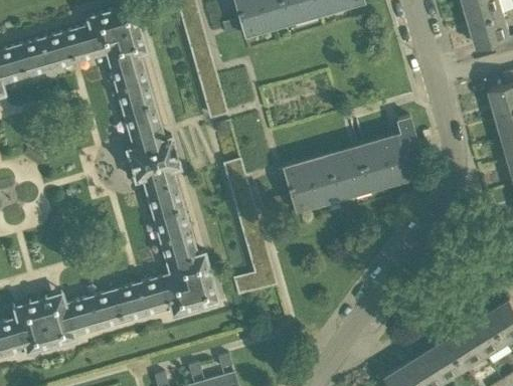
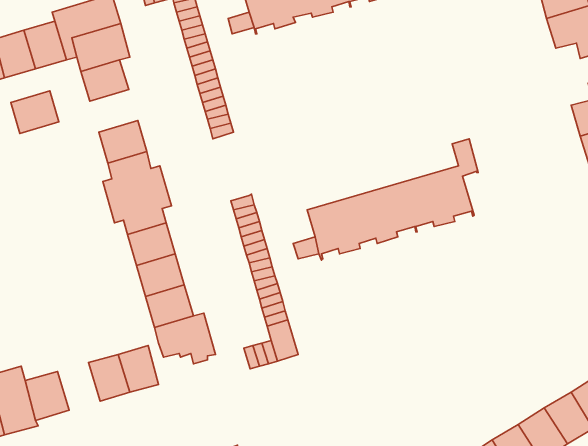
building: [115,77,152,111] -> [11,91,59,133]
building: [160,274,217,315] -> none
building: [90,290,123,327] -> none

